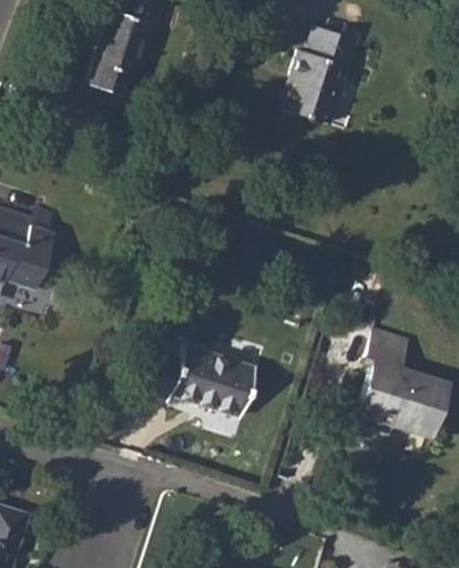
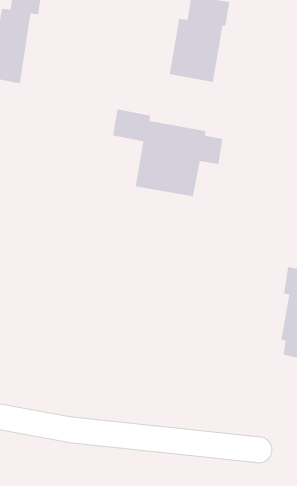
building: none -> [112,108,223,197]
building: [142,345,258,415] -> none

